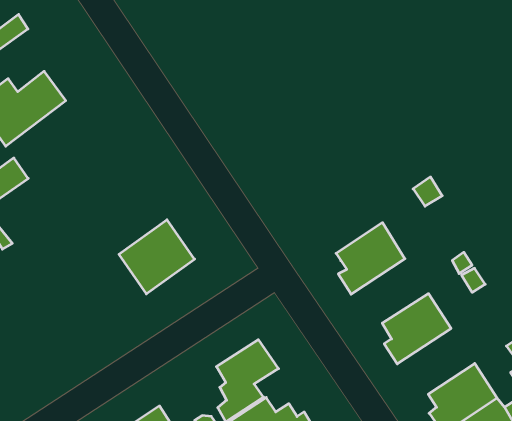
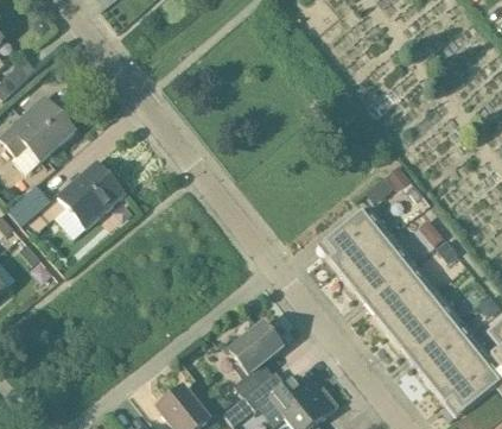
building: [119,220,195,294] -> [57,162,123,228]
building: none -> [341,238,408,296]
building: none -> [387,295,455,354]

